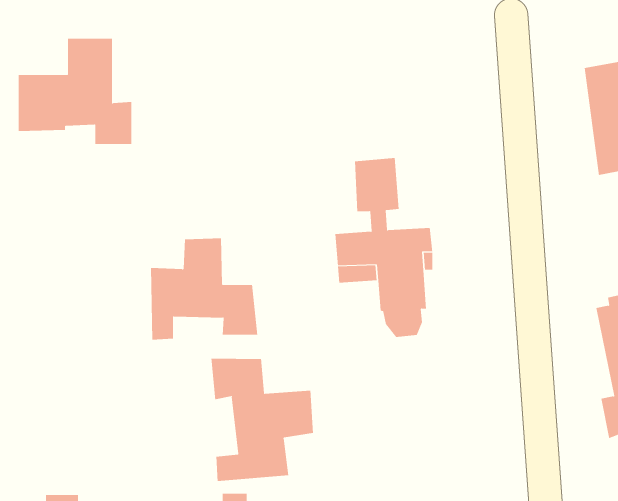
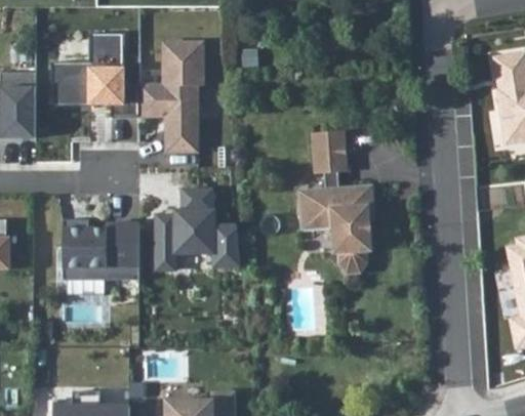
building: none -> [139,43,204,156]
building: none -> [58,218,137,296]
building: [211,358,313,482] -> none

